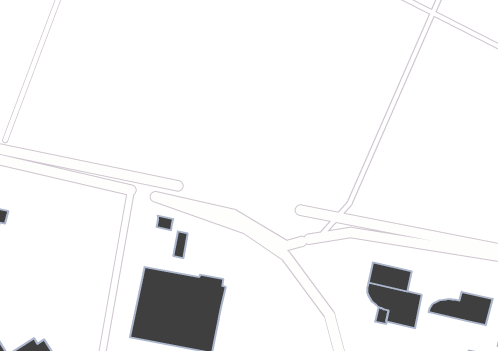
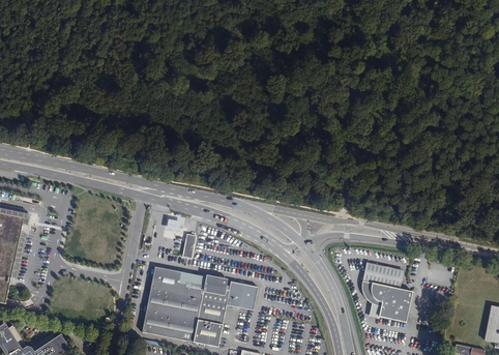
building: none -> [226,280,258,309]
building: [429,292,493,325] -> none

